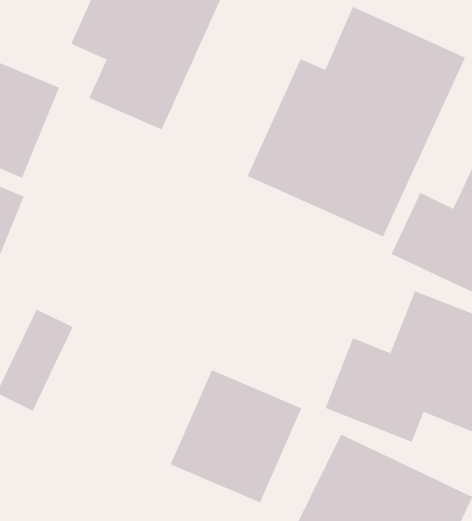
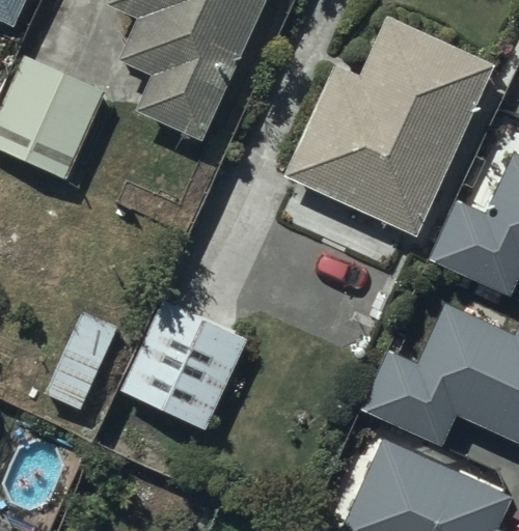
building: [170,370,302,503] -> [117,306,246,436]

